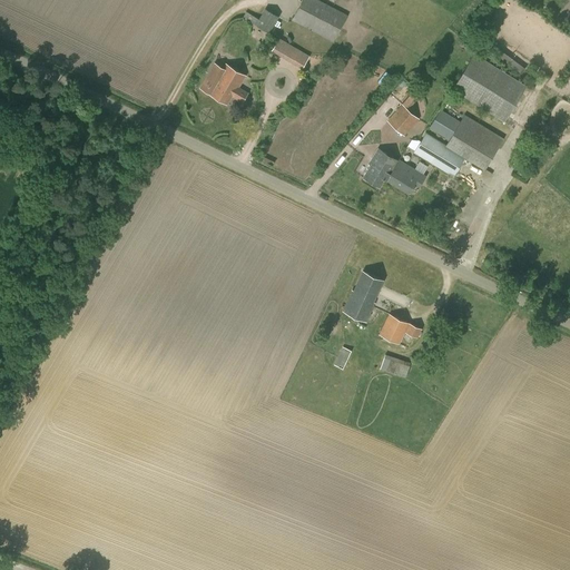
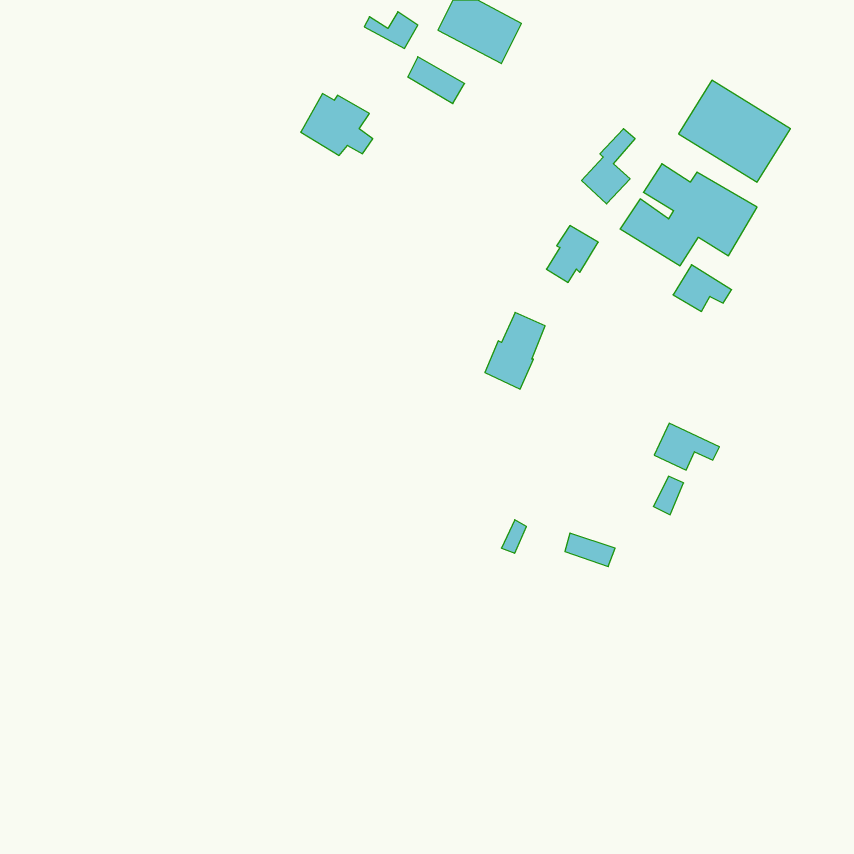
building: [386,161,425,193] -> [673,265,732,311]
building: [343,271,383,322] -> [485,312,545,389]
building: [379,313,422,344] -> [654,423,719,470]

